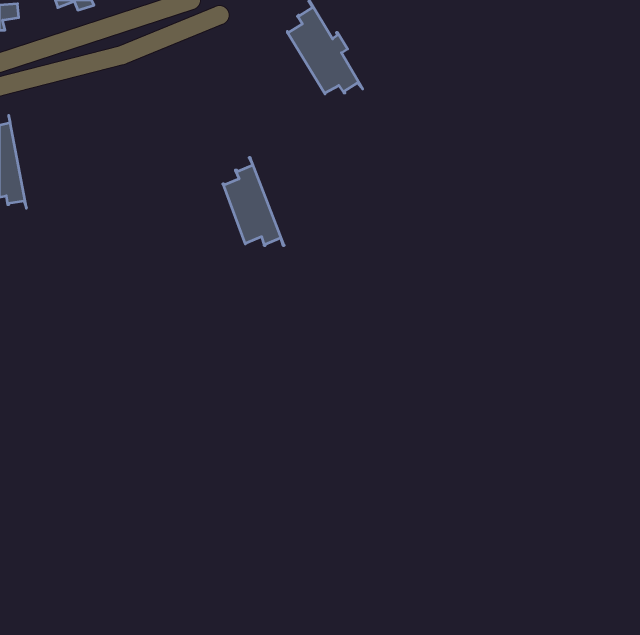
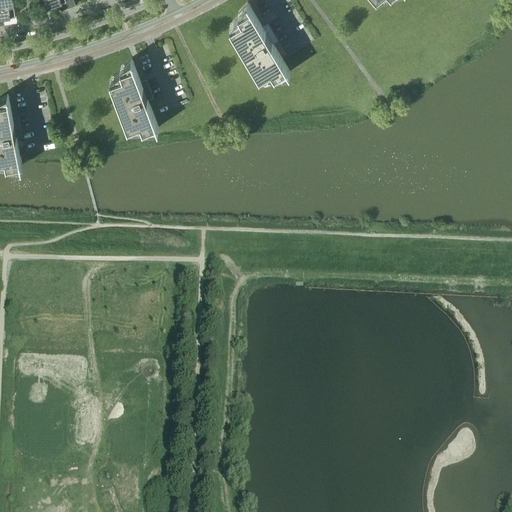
building: [223,158,284,245] -> [109,62,158,132]

